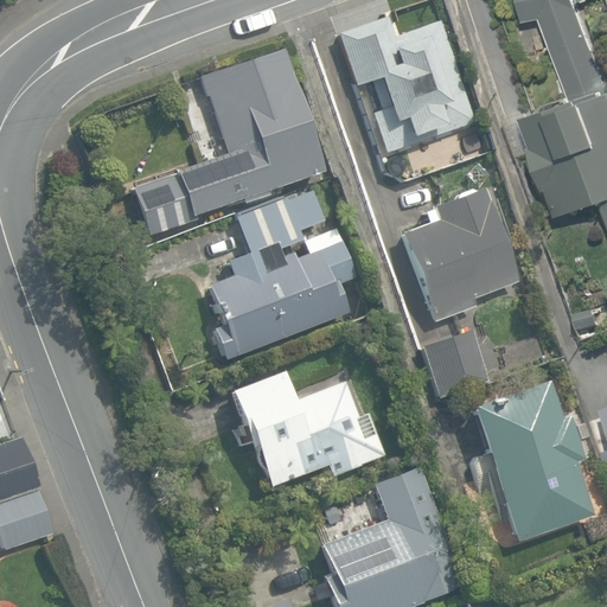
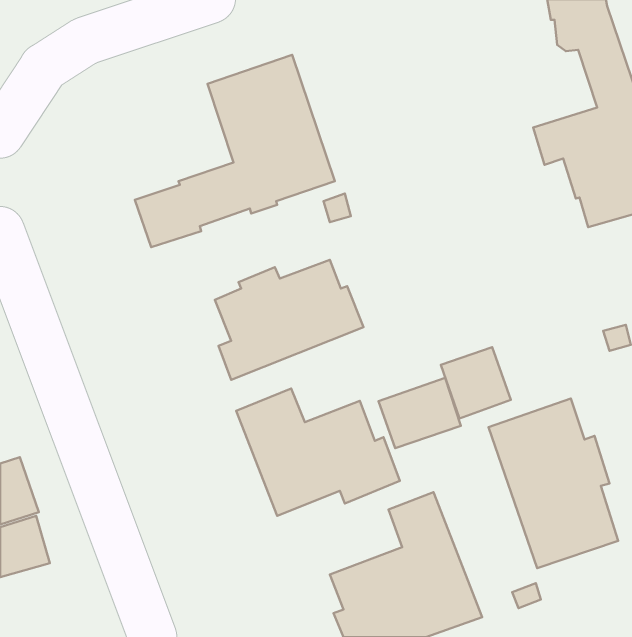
building: [339,17,477,152] -> none
building: [403,187,520,320] -> none
building: [241,192,305,254] -> none
building: none -> [378,378,461,448]

